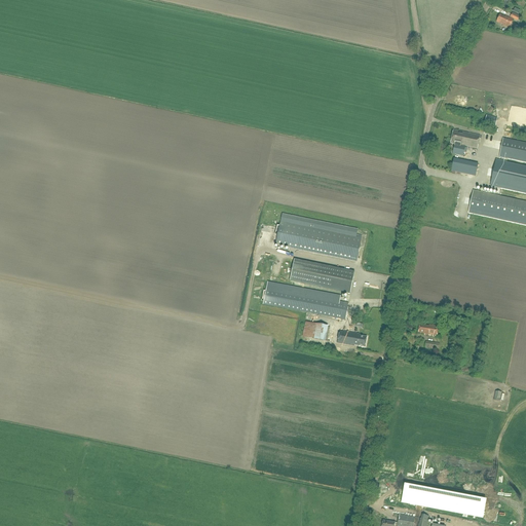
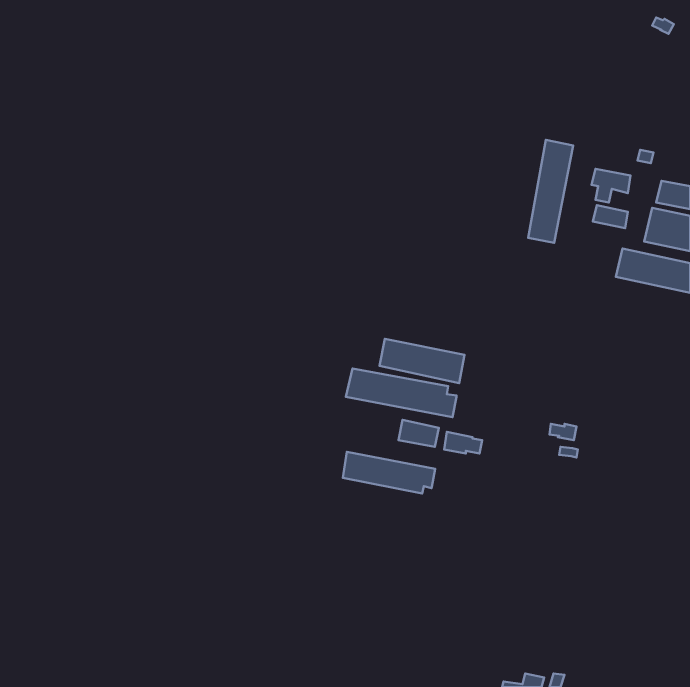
building: none -> [528,140,573,243]
building: [275,212,362,260] -> none
building: none -> [343,452,435,493]
building: [402,485,486,516] -> none

